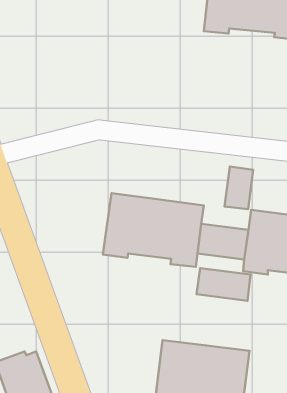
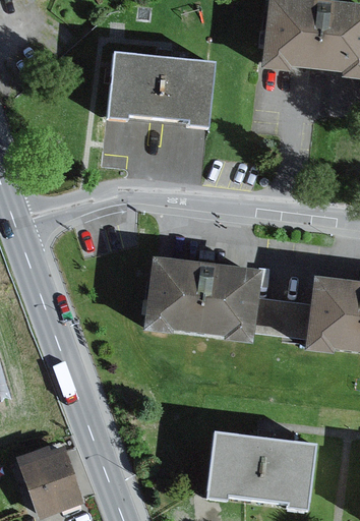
building: none -> [108,52,214,125]
building: [225,167,253,209] -> none
building: [196,268,250,301] -> none

